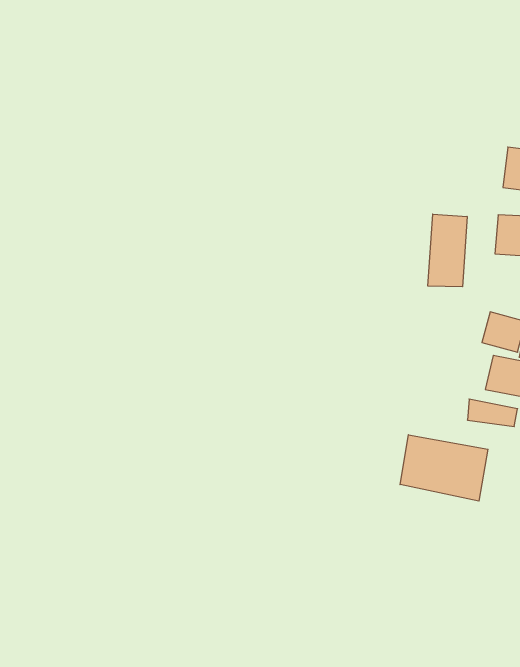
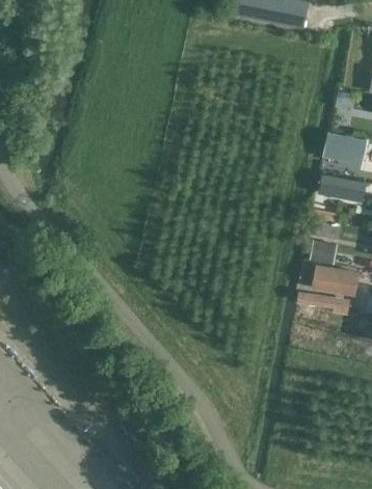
building: [428,214,467,287] -> none
building: [400,435,488,501] -> none

